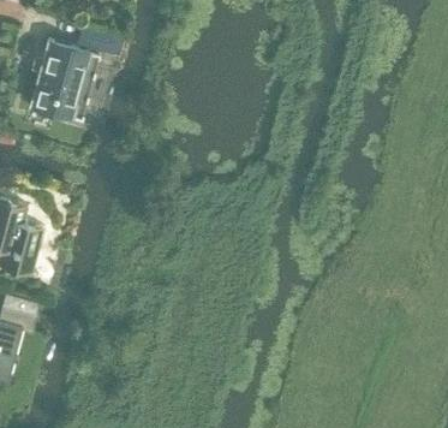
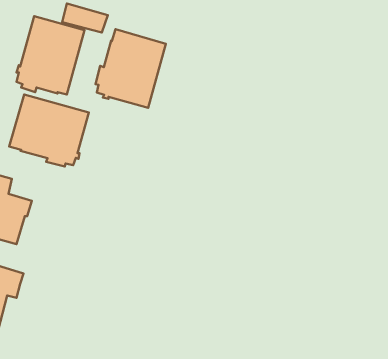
building: none -> [96,29,166,108]
building: none -> [9,94,89,166]

